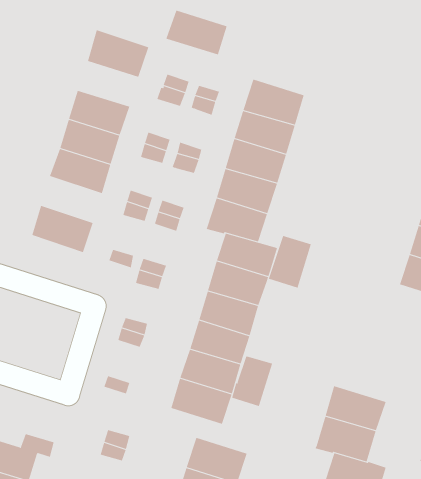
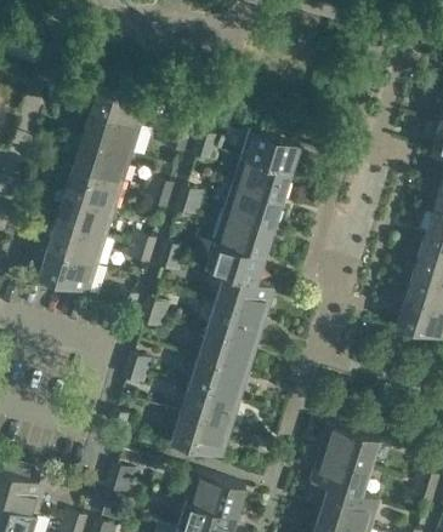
building: [166,10,227,55] -> [81,114,141,158]
building: none -> [46,224,106,269]
building: [268,235,311,289] -> none
building: [231,355,273,407] -> none

